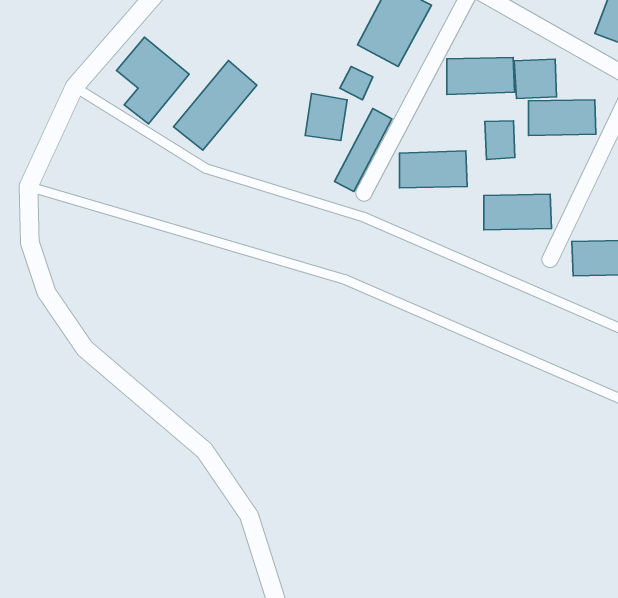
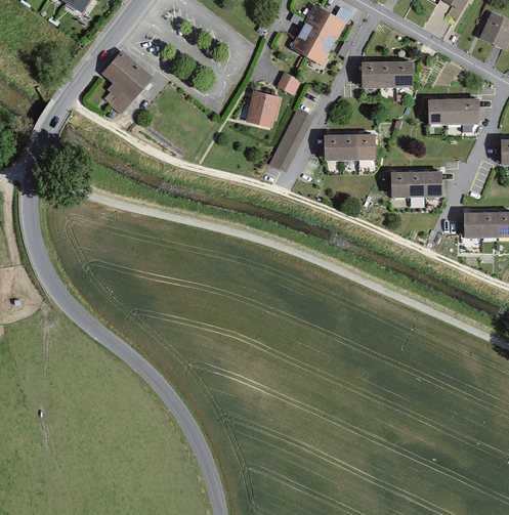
building: [514,59,556,99] -> none
building: [174,61,257,150] -> none
building: [485,121,515,160] -> none

